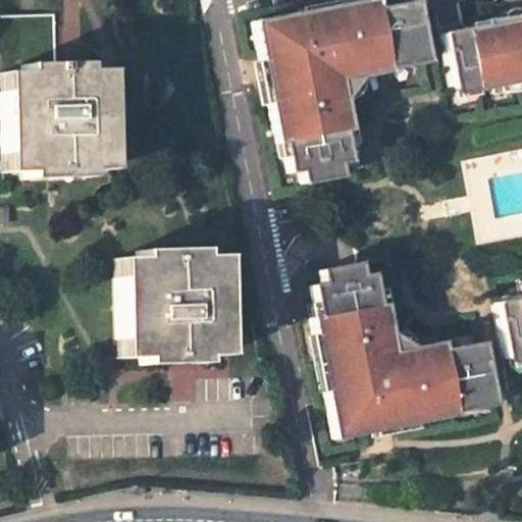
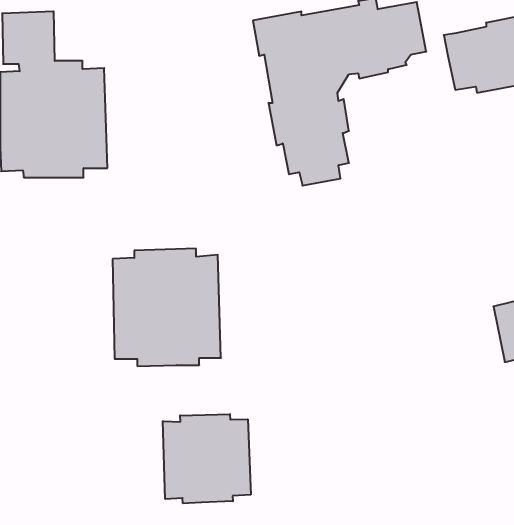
building: [318,263,499,438] -> none
building: none -> [163,414,251,503]

